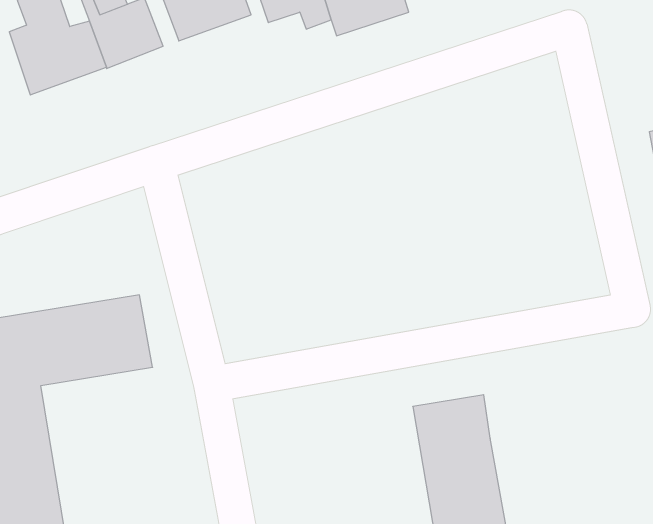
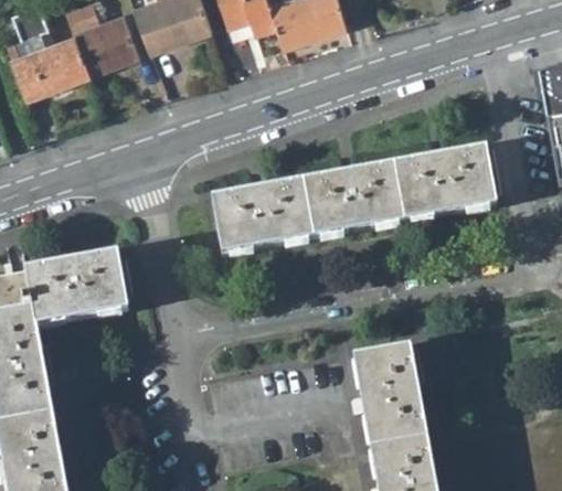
building: none -> [209,146,496,254]

